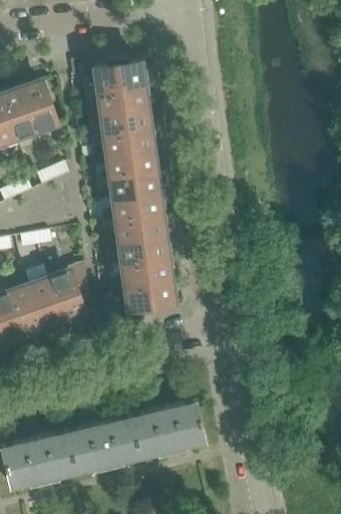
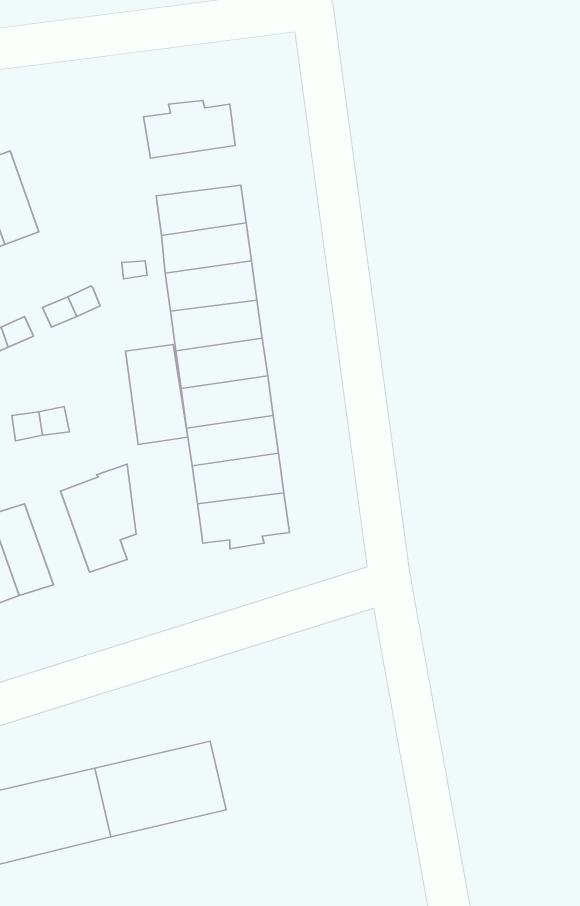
building: [18,82,55,135] -> none
building: [96,86,146,114] -> none
building: none -> [126,345,188,445]
building: [26,279,62,331] -> none
building: [129,403,204,457] -> none

